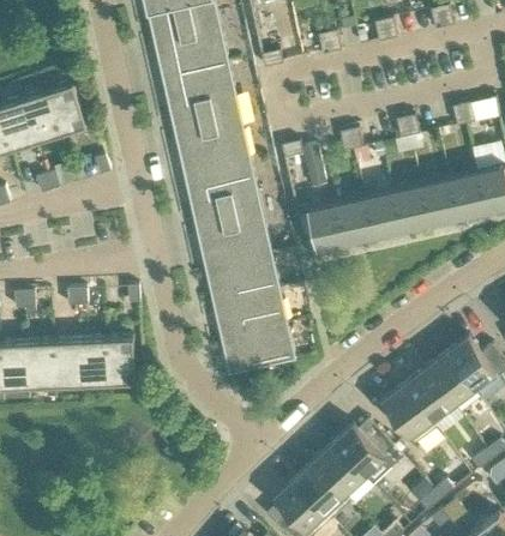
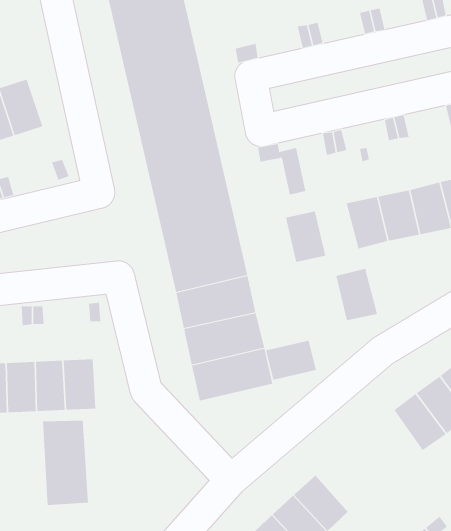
building: [333,197,372,245] -> [335,268,378,321]
building: none -> [266,340,317,381]
building: [381,385,438,445] -> none
building: none -> [43,420,89,506]
building: [333,426,403,486] -> none

